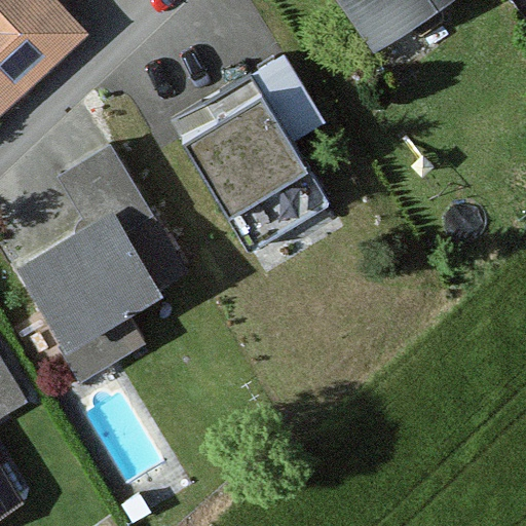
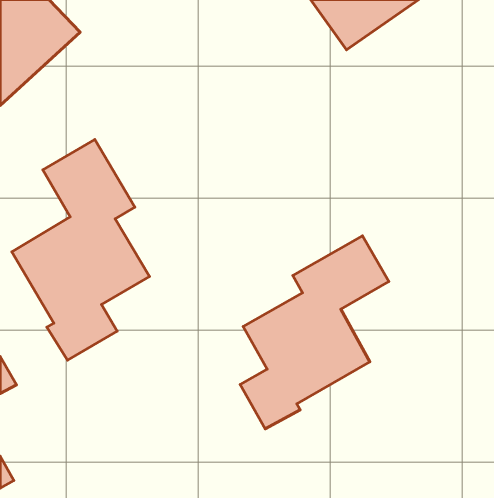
building: [184,53,329,250] -> none
building: none -> [240,236,389,429]

